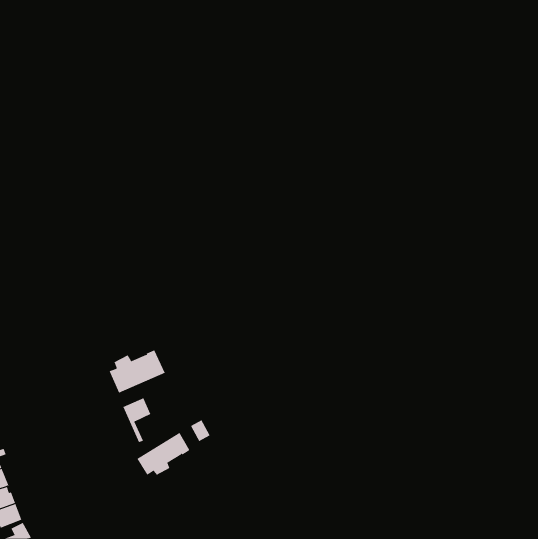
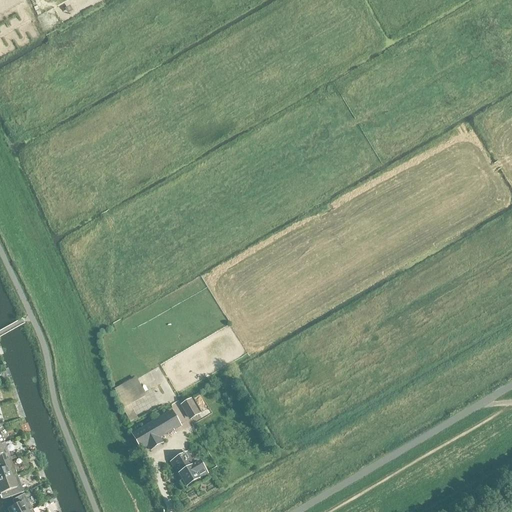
building: [109,349,165,394] -> none
building: none -> [169,453,205,486]

